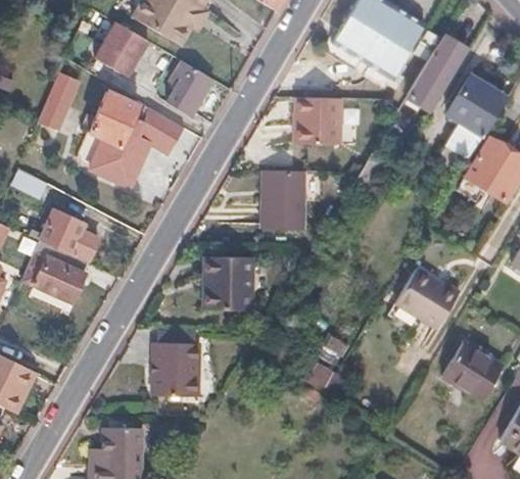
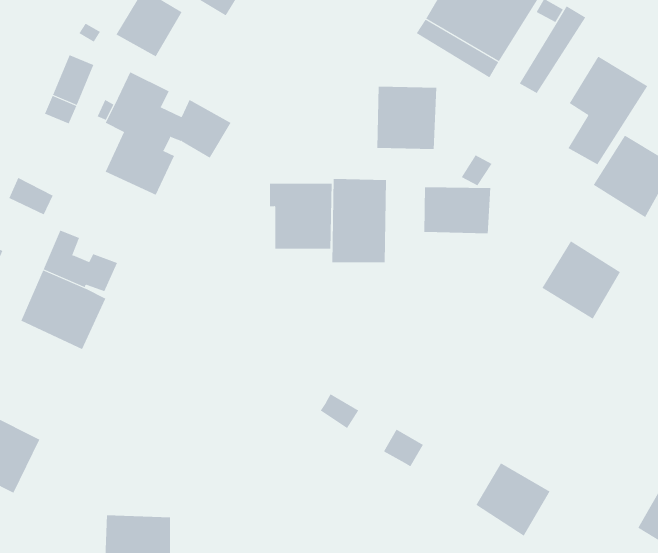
building: [167,60,212,115] -> none
building: none -> [424,187,491,234]
building: [204,258,253,309] -> [269,183,332,249]
building: [395,269,457,330] -> [542,241,621,320]
building: [154,330,202,399] -> none
building: [440,343,499,400] -> [475,463,551,536]

